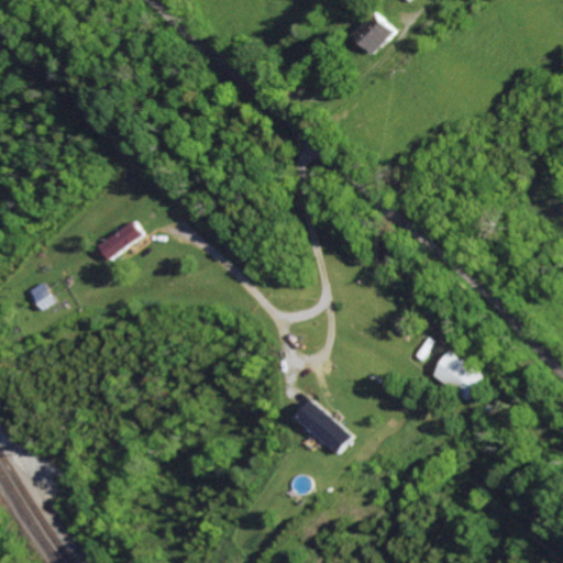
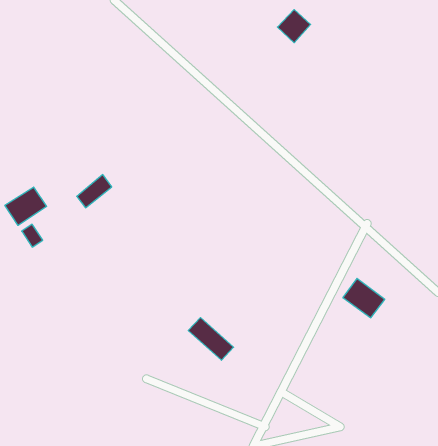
building: none -> [5,187,47,225]
building: [294,400,351,454] -> [188,318,234,360]

